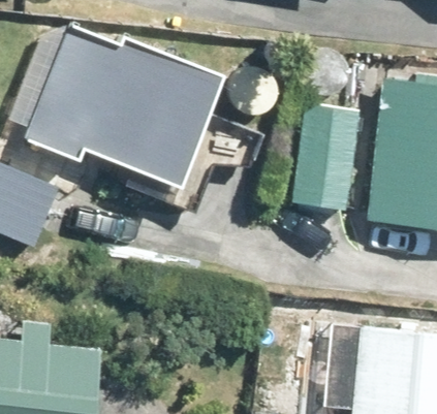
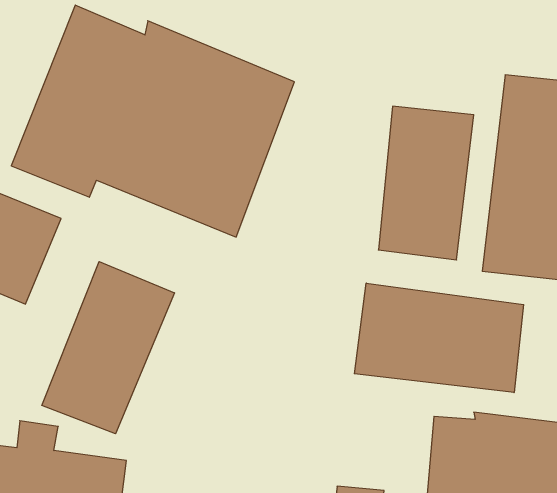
building: none -> [42,262,174,434]
building: none -> [354,283,524,393]

